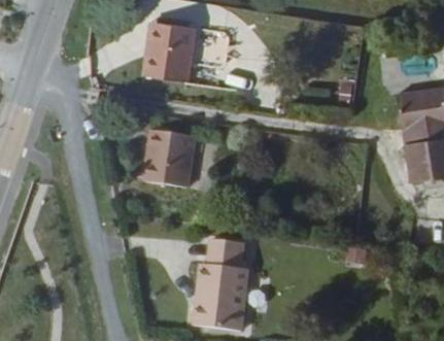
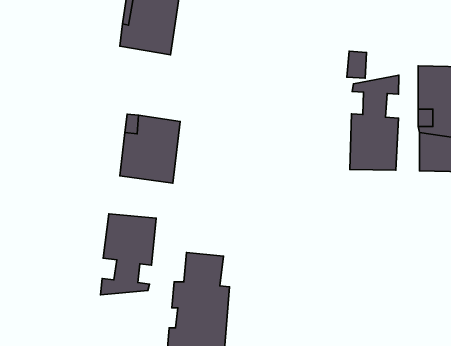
building: none -> [350,75,399,170]
building: none -> [100,214,156,295]

